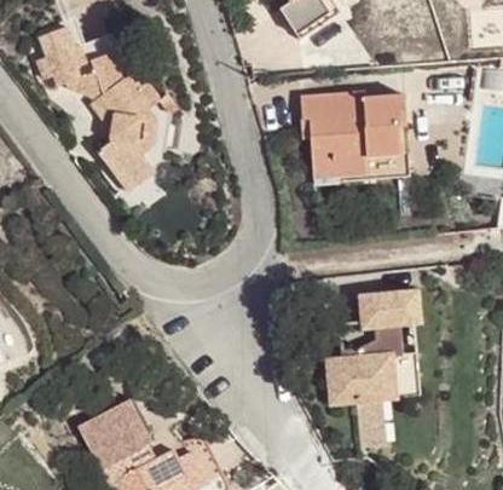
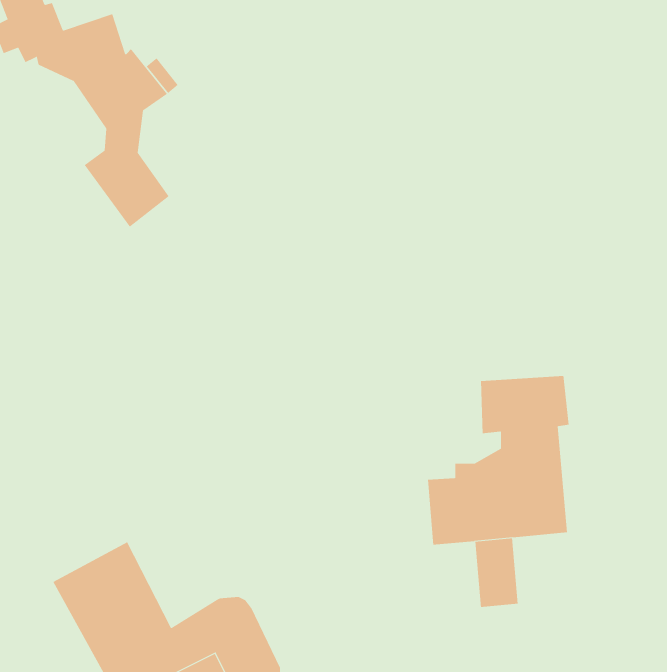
building: [299,91,407,183] -> none

